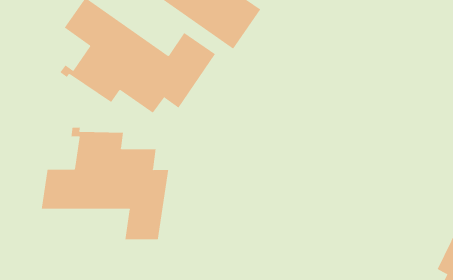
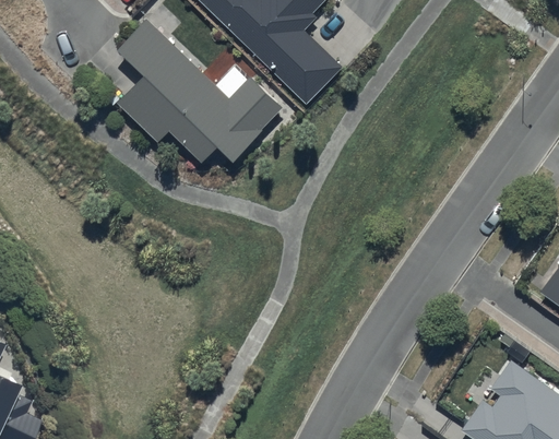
building: [41,127,169,240] -> none

